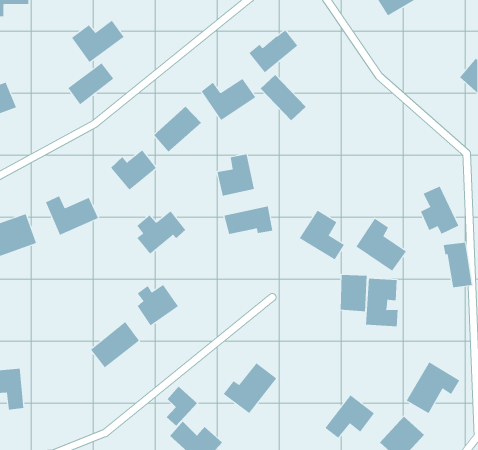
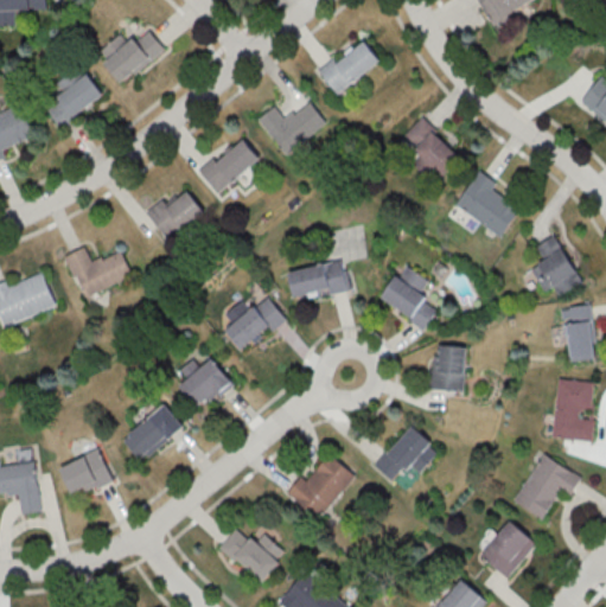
building: [68,62,114,105] -> [44,75,102,128]
building: [260,74,307,121] -> [402,119,460,177]
building: [217,153,255,196] -> none
building: [137,211,186,255] -> [224,296,286,351]
building: [355,218,407,271] -> [454,171,518,237]
building: [365,278,399,327] -> [553,381,594,441]
building: none -> [58,451,110,497]
building: [166,386,198,427] -> none
building: [324,394,375,438] -> [376,427,439,481]

